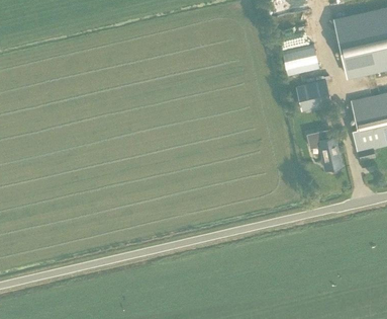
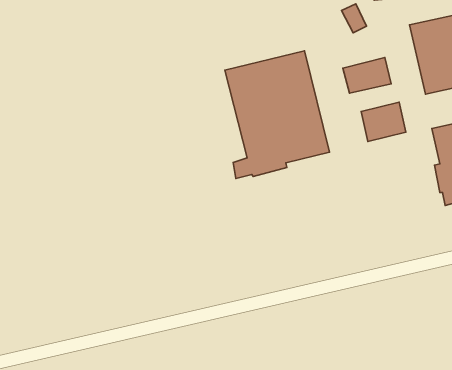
building: none -> [225,51,330,179]
building: [306,130,341,169] -> none

